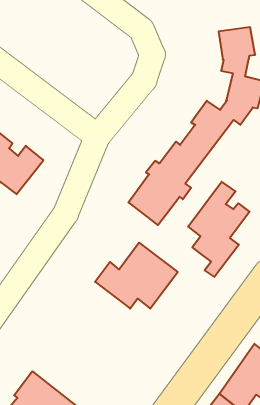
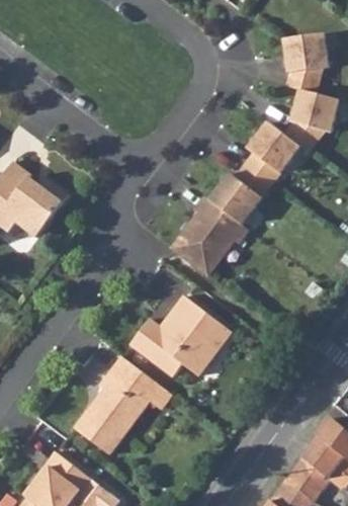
building: [188,182,250,277] -> none
building: none -> [74,356,168,455]

